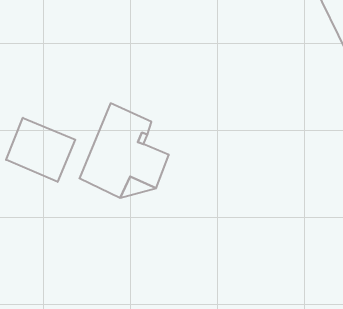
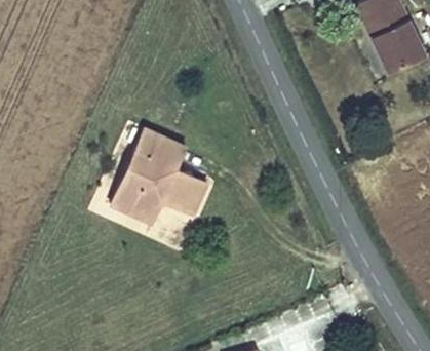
building: [6,118,75,182] -> none

